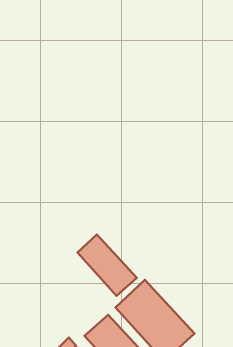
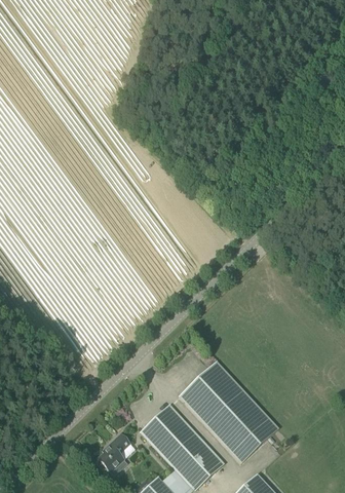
building: [77,234,137,296] -> none

